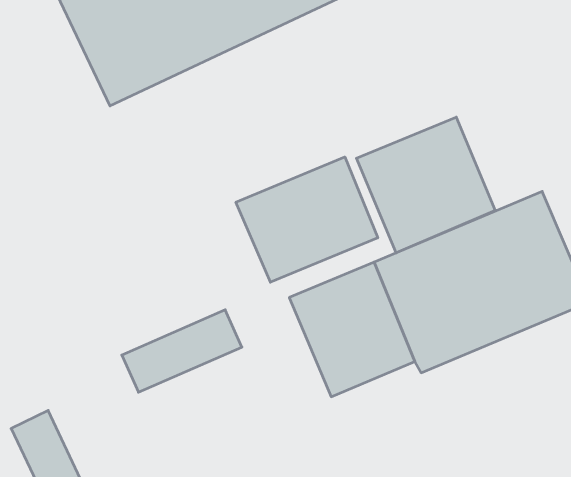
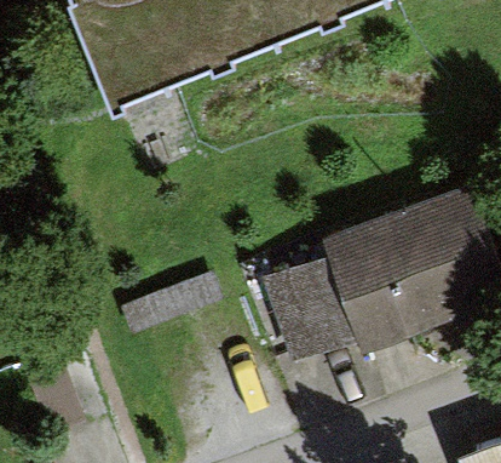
building: [356,117,495,253] -> none
building: [236,157,378,282] -> none

